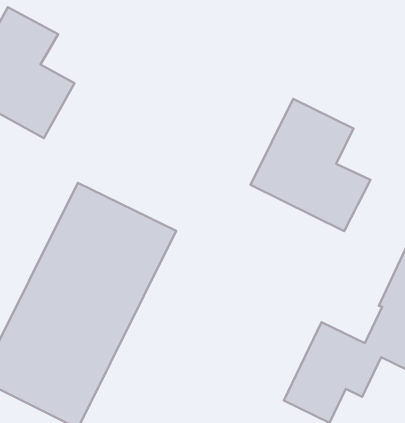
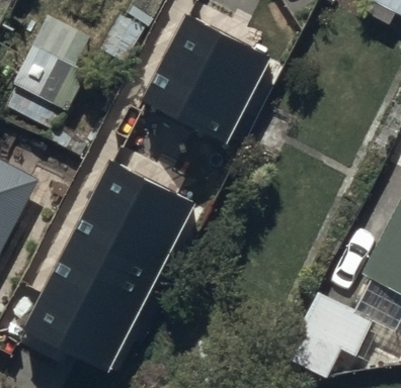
building: none -> [144,21,267,147]
building: [251,99,370,231] -> none

